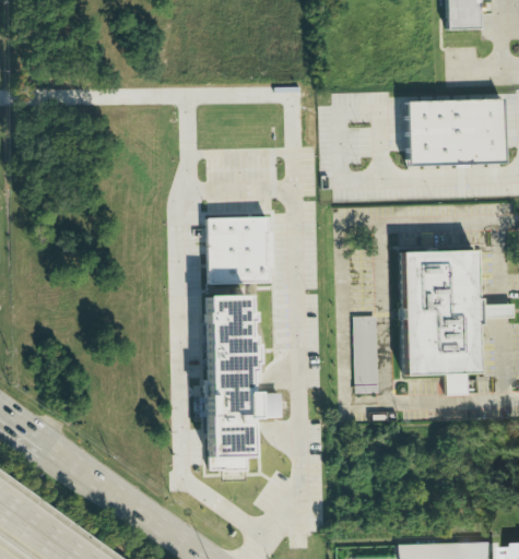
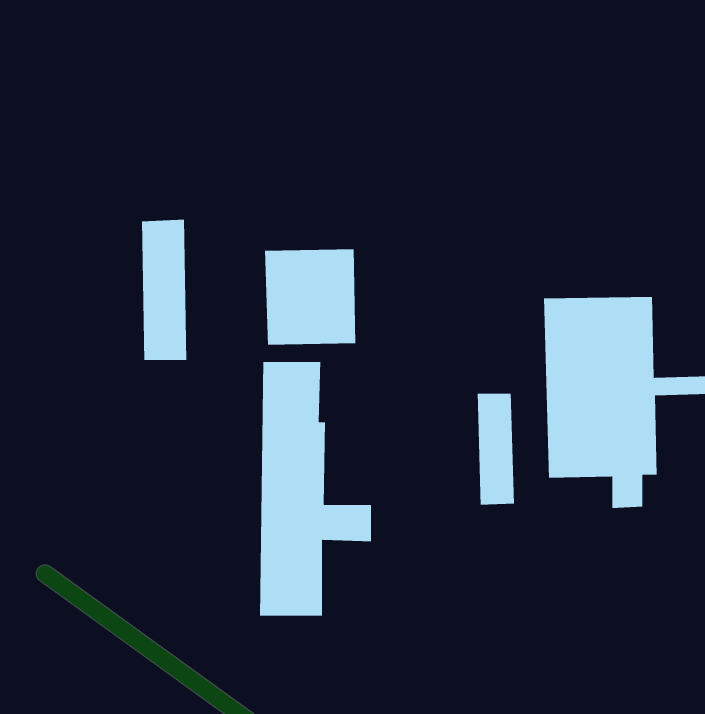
building: [408,99,505,166] -> none
building: none -> [141,219,187,361]

